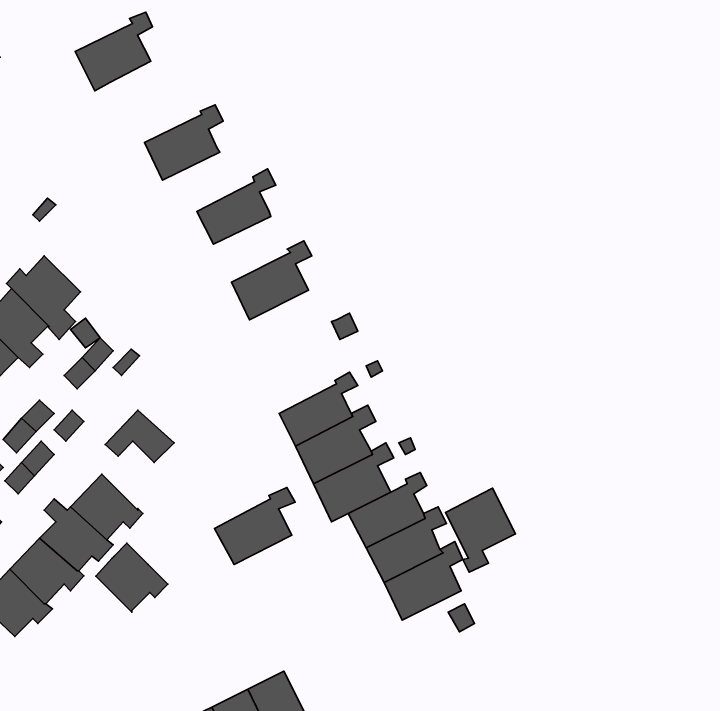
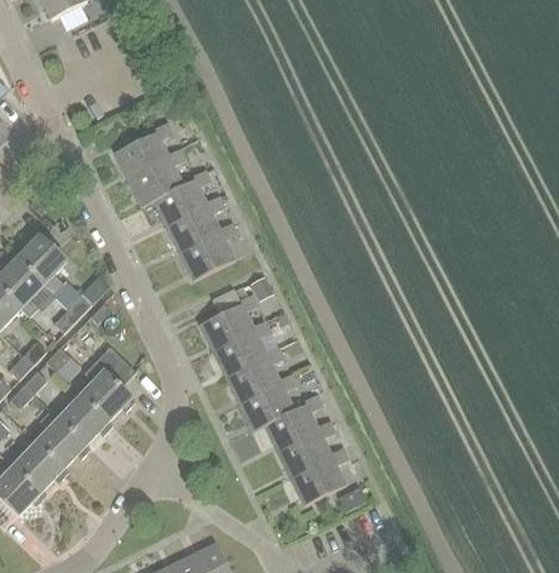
building: [75,12,152,91] -> [127,149,184,207]
building: none -> [165,196,224,253]
building: [215,487,295,565] -> [198,293,258,350]
building: [446,488,515,572] -> none
building: [96,543,168,612] -> [82,371,136,422]

